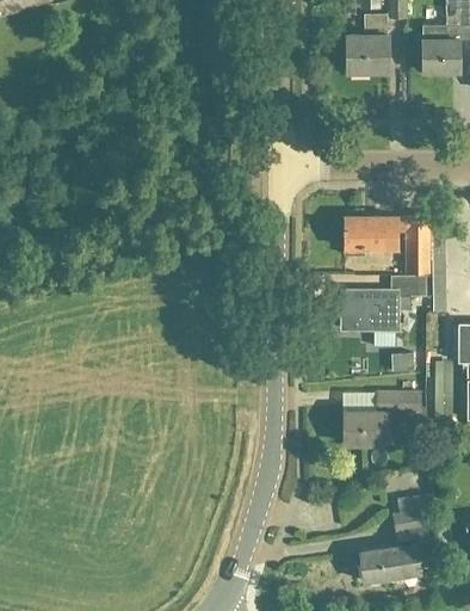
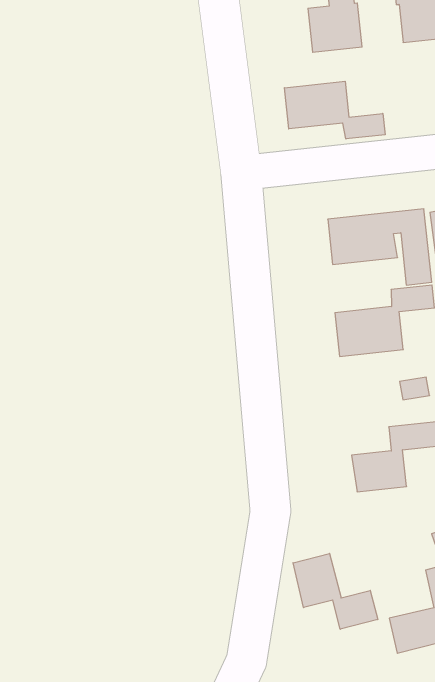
building: none -> [284,81,385,139]
building: none -> [293,553,378,629]

